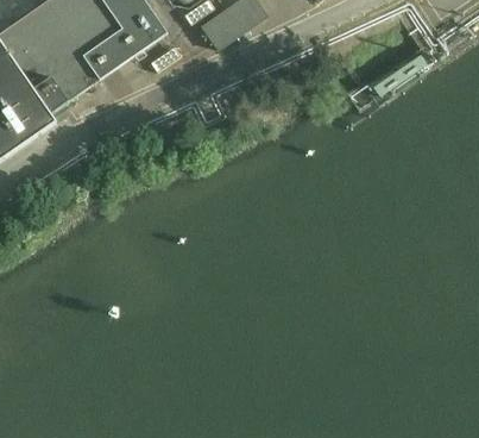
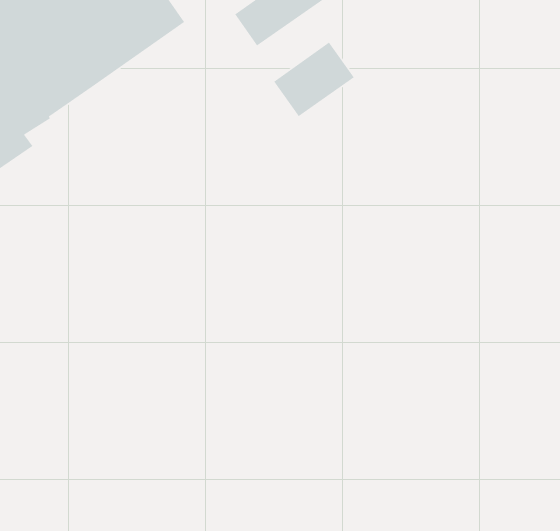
building: none -> [273,42,355,117]

